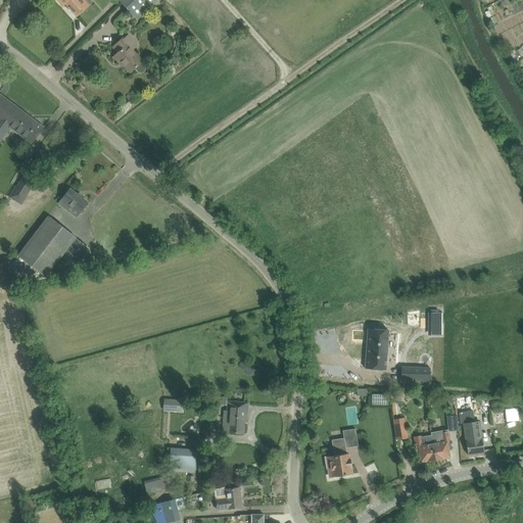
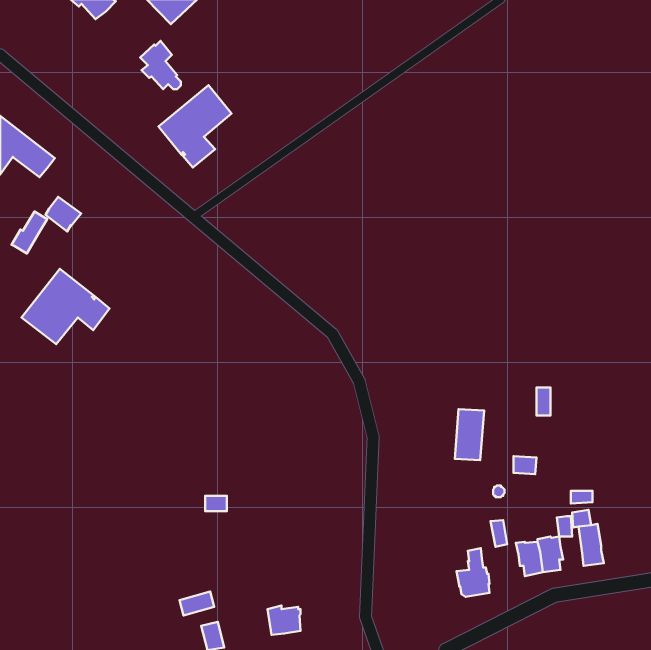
building: none -> [158,85,232,167]
building: [59,188,88,216] -> [45,197,81,231]
building: [222,400,247,432] -> none
building: [325,437,351,476] -> [456,548,490,597]
building: [170,448,195,471] -> none

